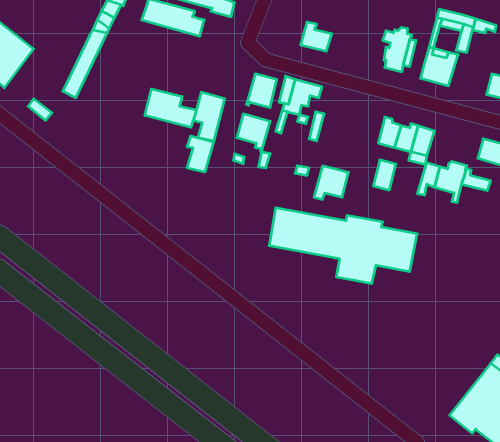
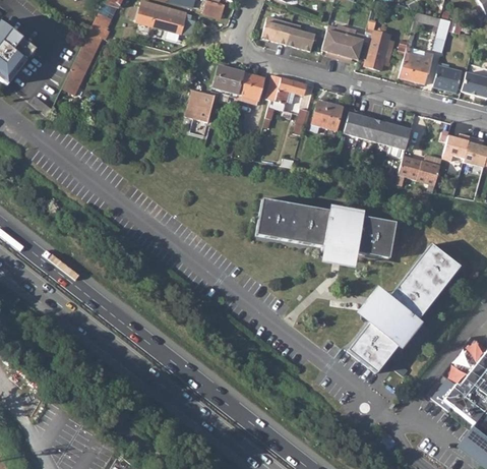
building: none -> [261,17,292,45]
building: none -> [321,25,365,61]
building: none -> [432,65,462,93]
building: [145,89,196,127] -> none
building: [237,114,270,152] -> [211,65,243,101]
building: [187,136,214,172] -> none
building: [373,160,396,190] -> [344,109,365,137]
building: [314,166,349,199] -> [310,101,343,132]
building: none -> [347,245,460,374]

